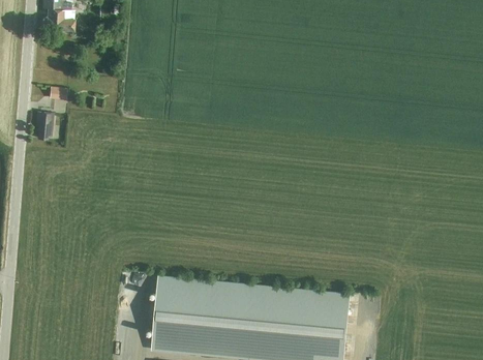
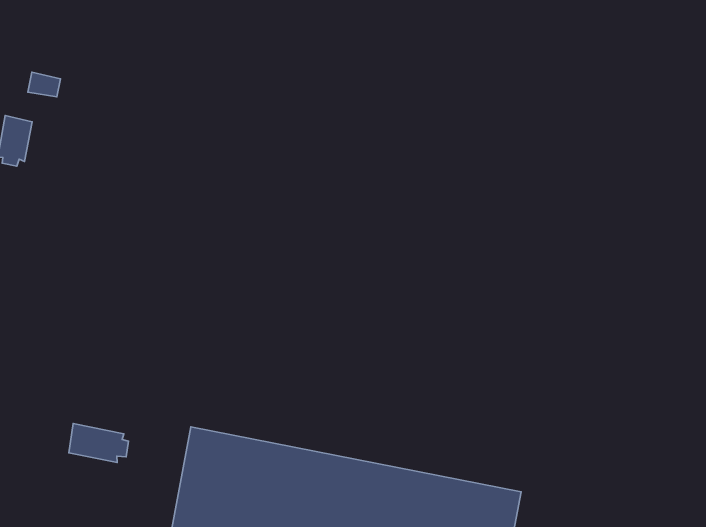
building: none -> [69,424,128,462]

